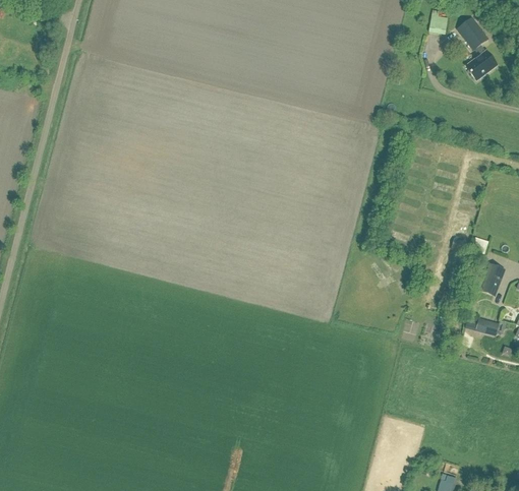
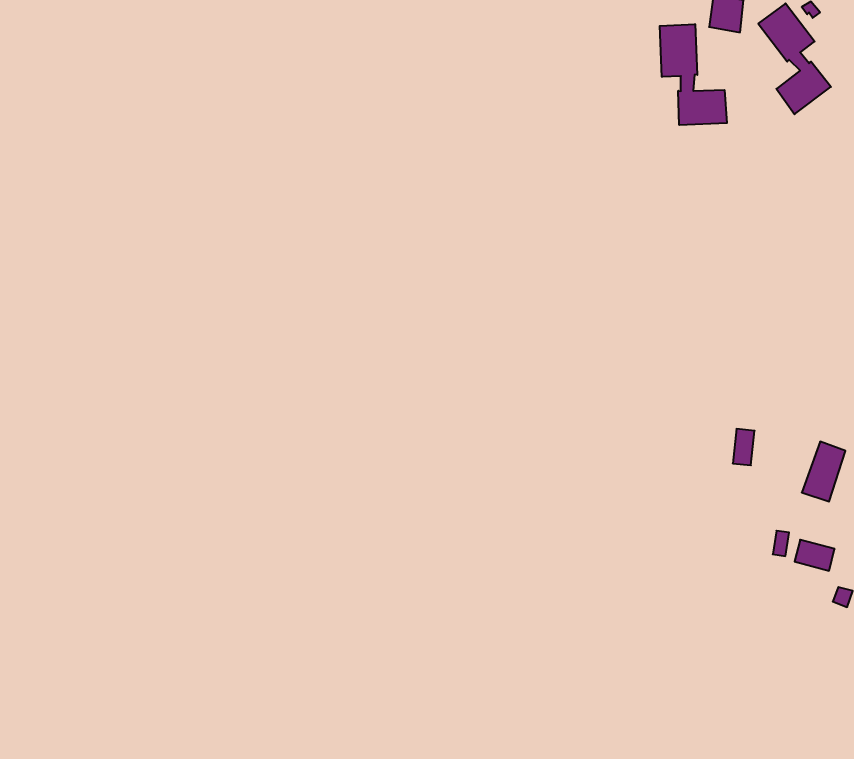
building: none -> [660,24,727,125]

